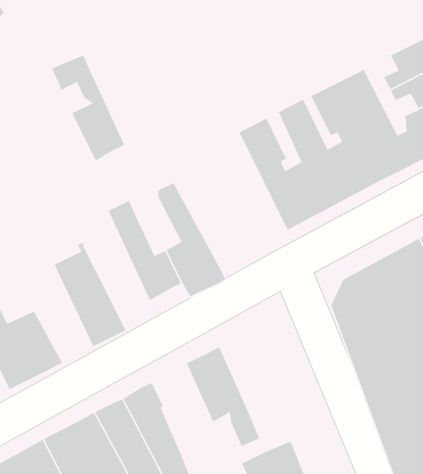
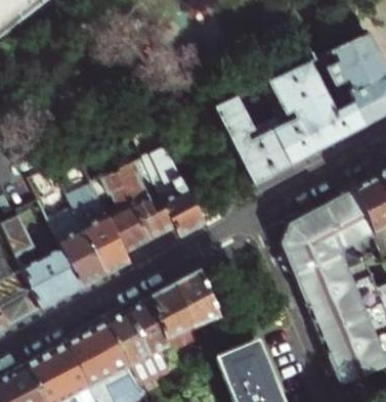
building: [51,55,125,161] -> [91,168,147,249]
building: none -> [49,204,104,283]
building: none -> [149,283,205,355]

